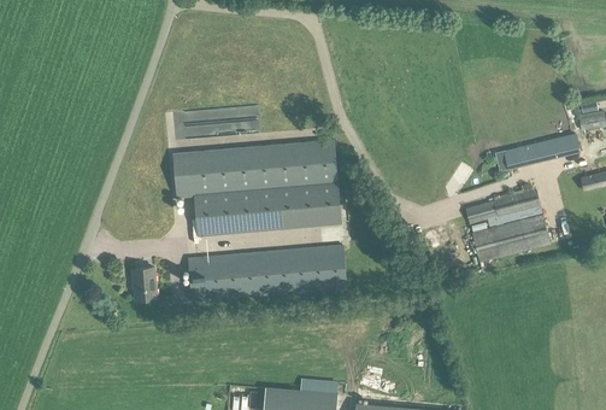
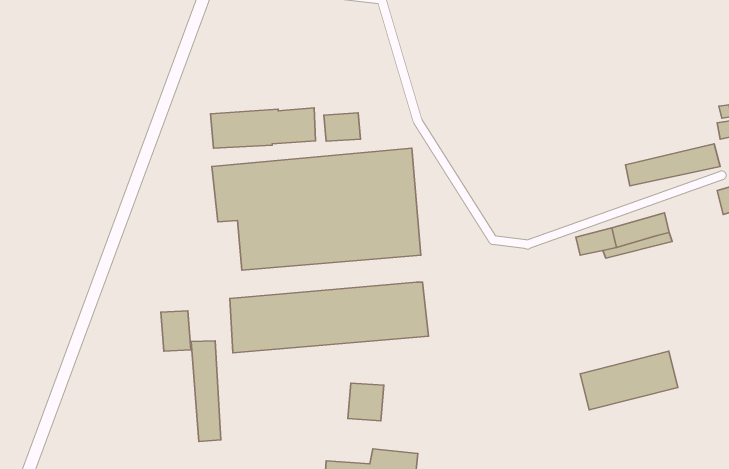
building: none -> [324,113,360,141]
building: [471,215,549,262] -> [580,351,678,410]
building: none -> [191,341,221,441]
building: none -> [348,383,384,421]

